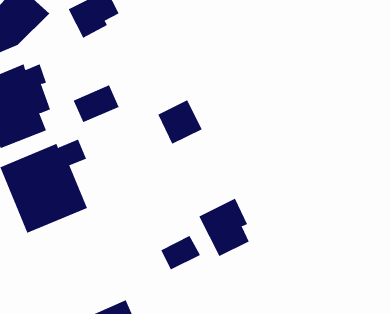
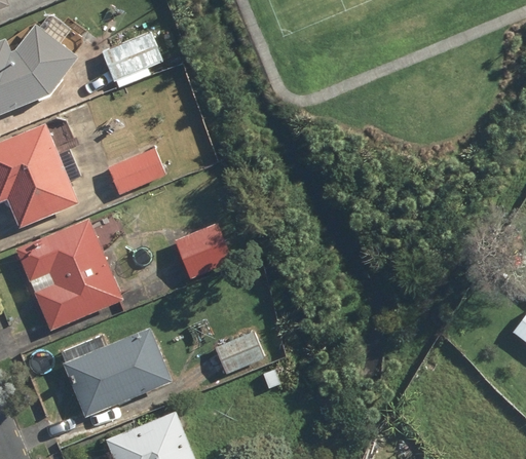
building: [157,99,203,145] -> [174,224,229,279]
building: [199,198,250,257] -> none
building: none -> [61,328,172,419]

